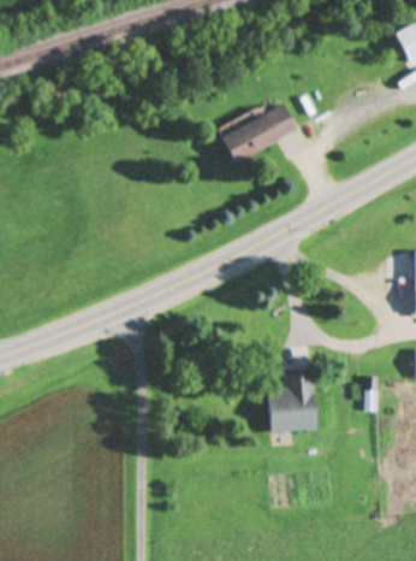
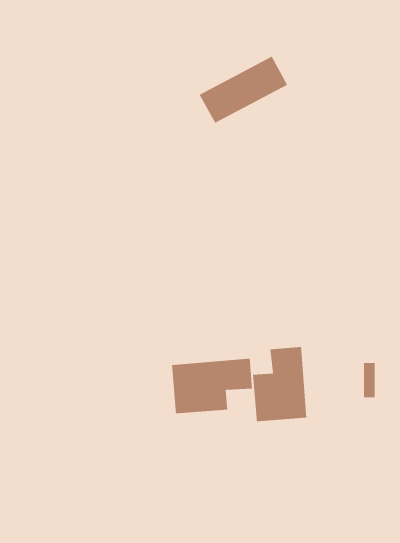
building: none -> [171,358,253,414]

